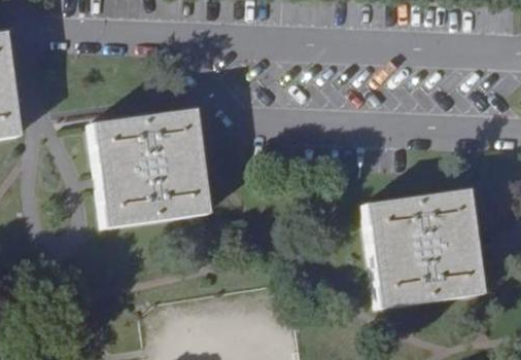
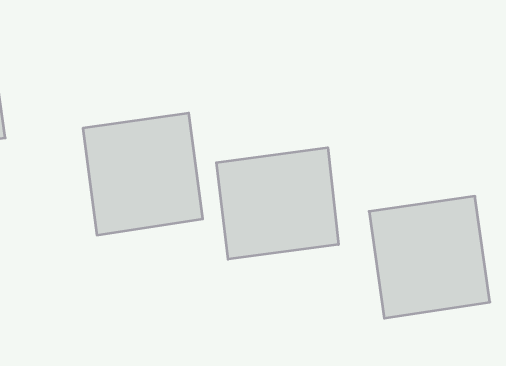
building: none -> [216,148,338,259]

